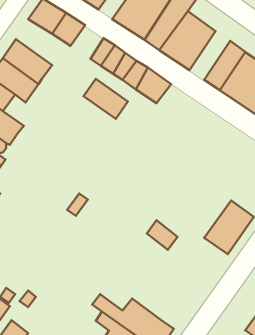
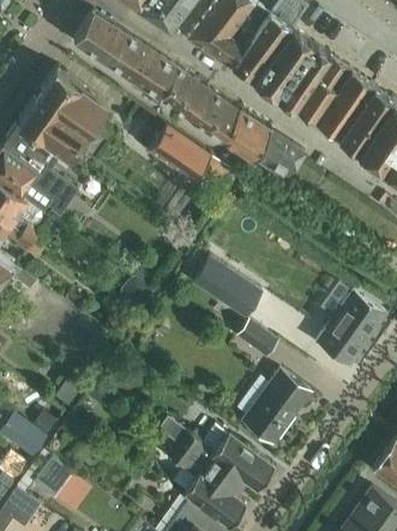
building: none -> [132,49,178,96]
building: none -> [296,58,353,125]
building: none -> [251,131,306,181]
building: none -> [193,257,264,318]
building: none -> [243,370,312,443]

